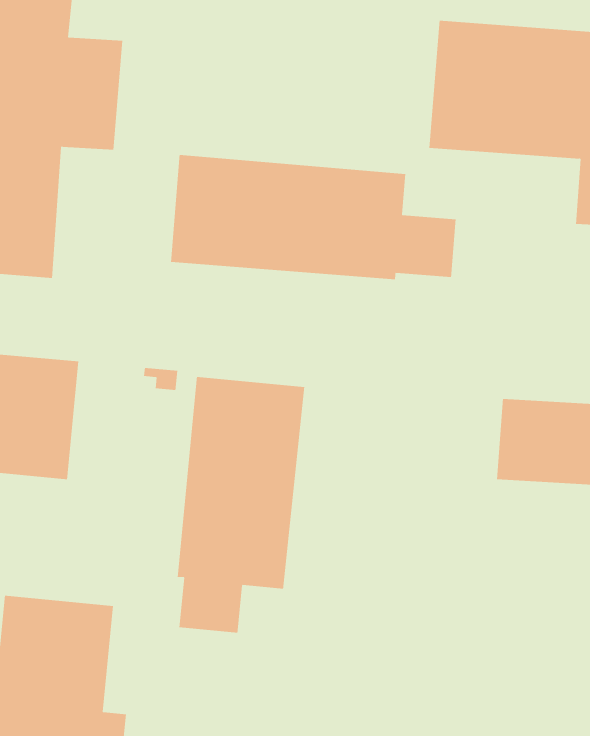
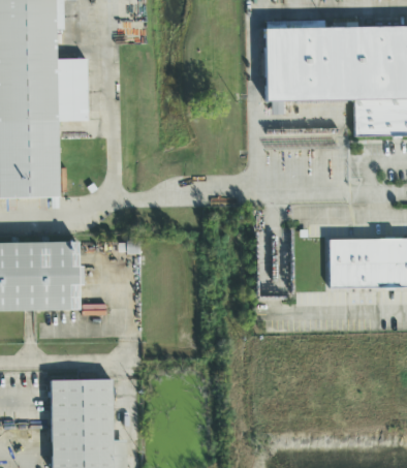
building: [171,154,456,280] -> none
building: [177,376,305,634] -> none

